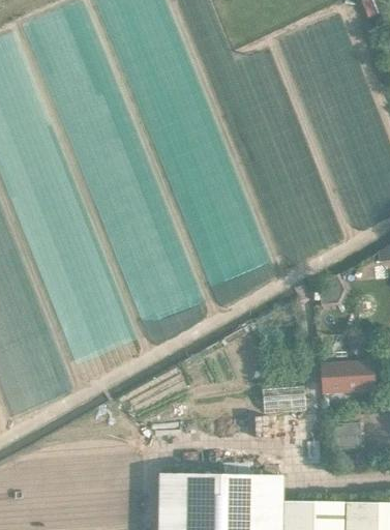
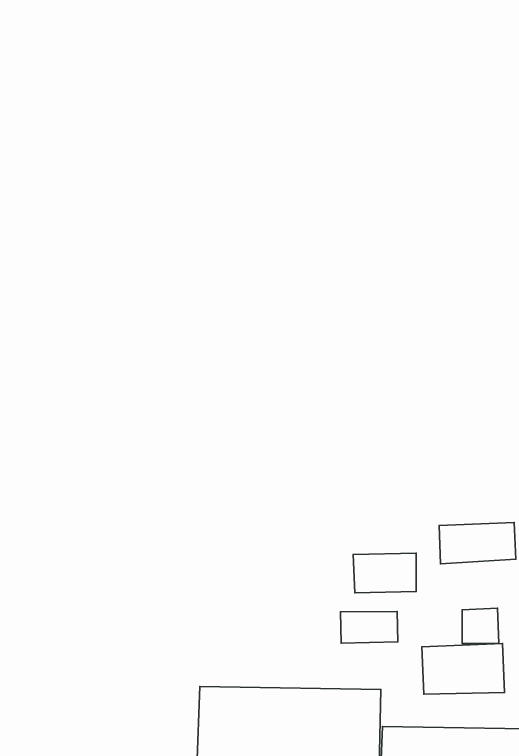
building: none -> [340,612,398,643]
building: none -> [422,643,505,694]

